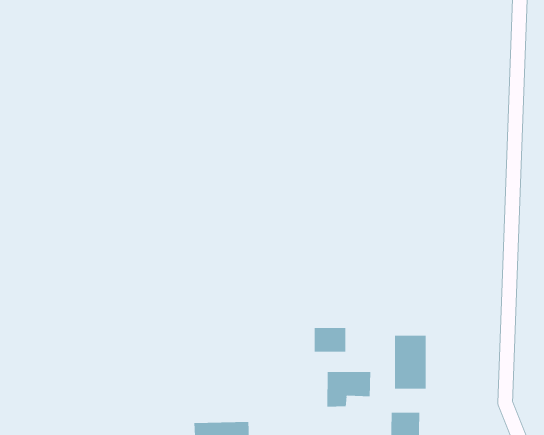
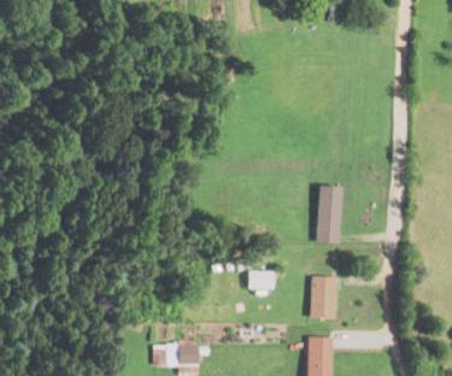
building: none -> [317,184,342,242]
building: [327,371,371,408] -> none

